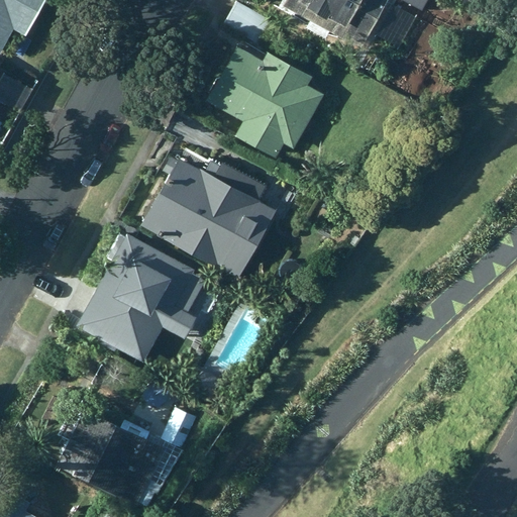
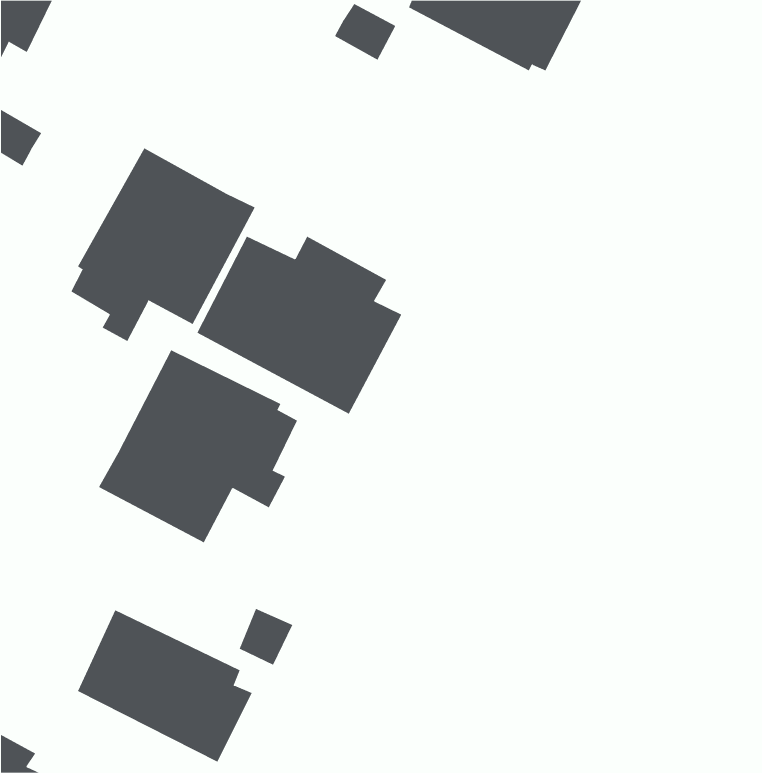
building: [203,45,322,157] -> none
building: none -> [70,148,256,342]

